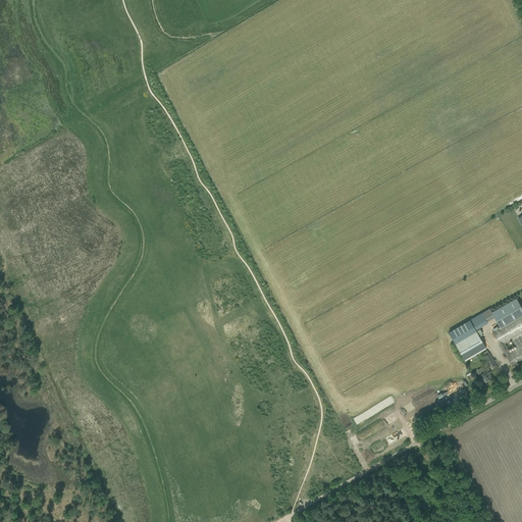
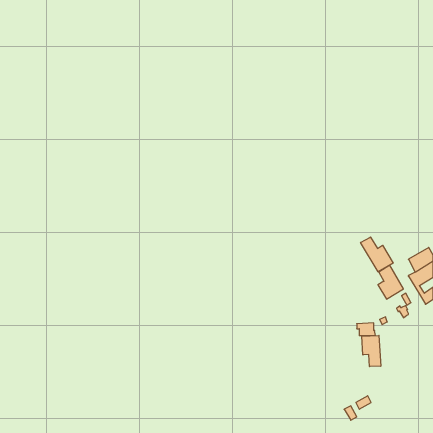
building: none -> [361,237,393,272]
building: none -> [362,335,381,367]

